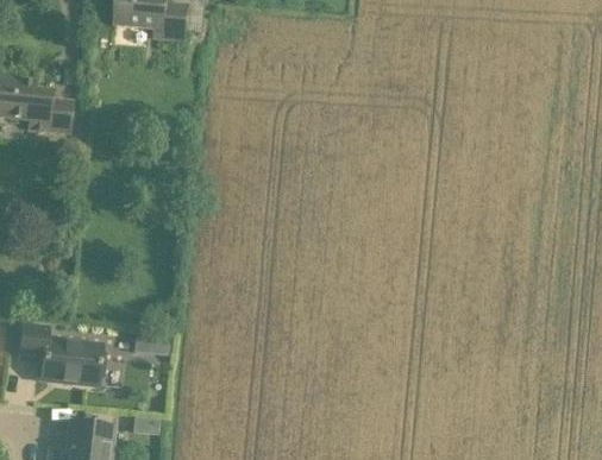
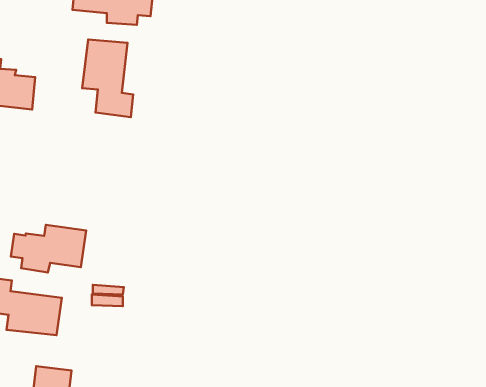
building: none -> [82,39,133,117]
building: none -> [11,225,86,273]

